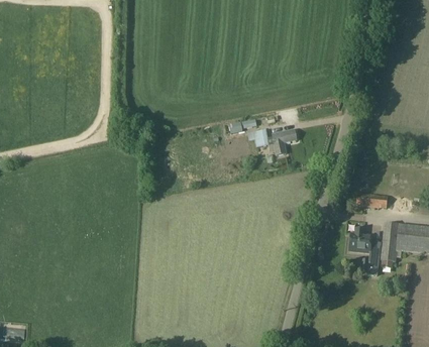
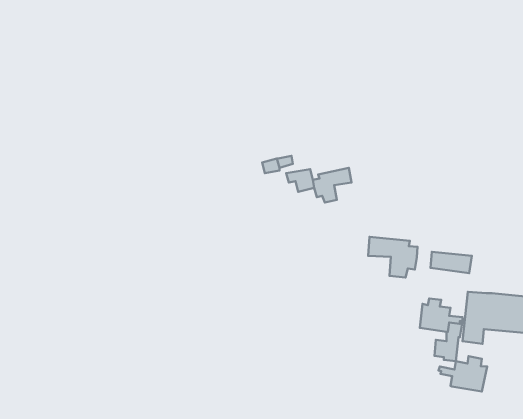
building: none -> [368,237,417,277]
building: none -> [438,356,487,391]

